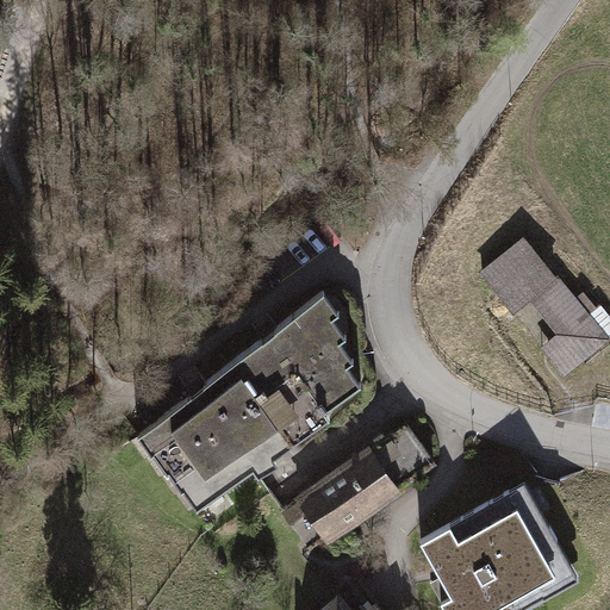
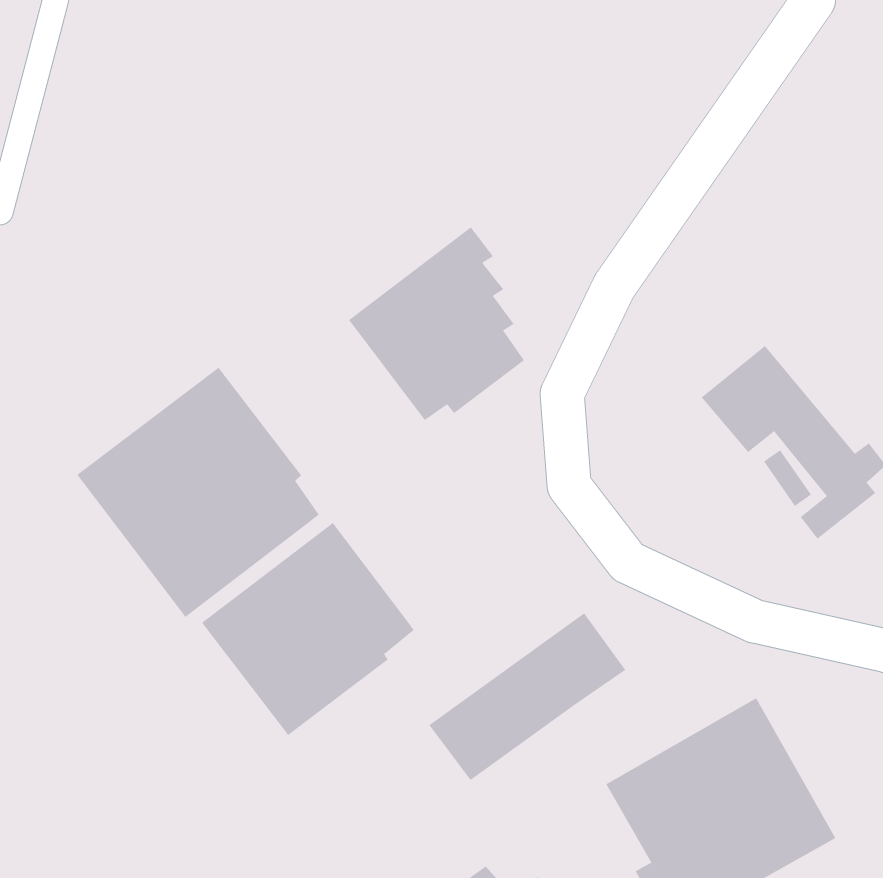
building: none -> [76,367,320,618]
building: [231,300,353,434] -> [348,227,525,421]

